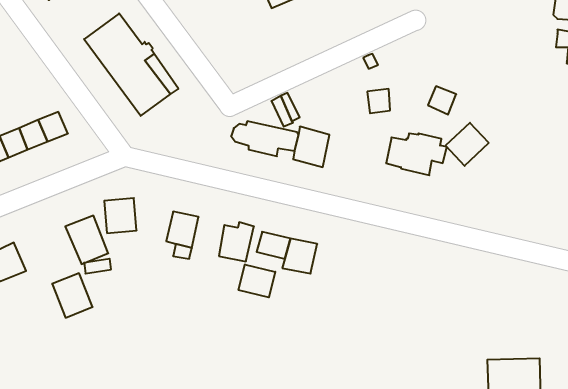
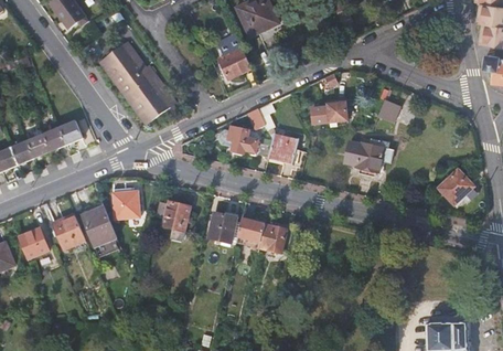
building: none -> [218,46,252,78]
building: [446,123,489,166] -> [438,169,473,204]
building: [239,264,275,297] -> none
building: [52,273,93,318] -> [52,212,85,248]

